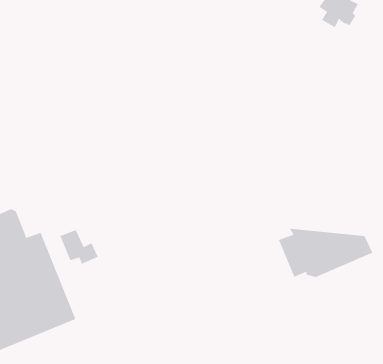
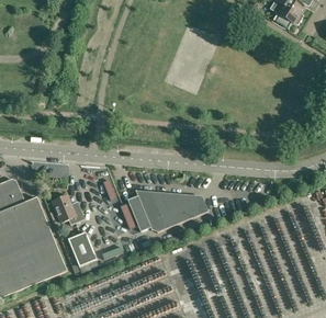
building: [278,228,373,278] -> [127,189,207,230]
building: none -> [68,230,97,271]

